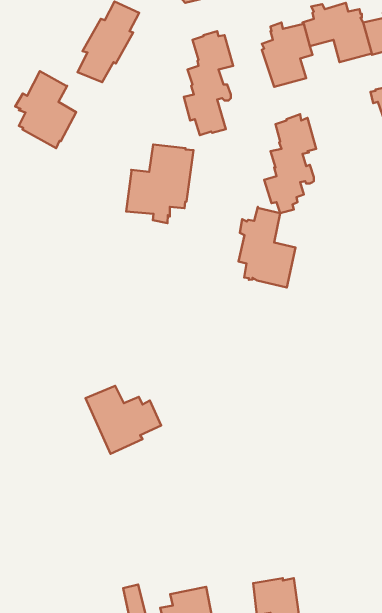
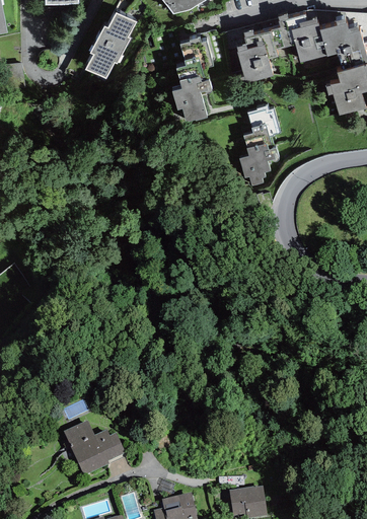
building: [15,71,76,148] -> none
building: [126,145,194,223] -> none
building: [238,207,296,287] -> none
building: [86,386,161,454] -> [63,420,125,475]

